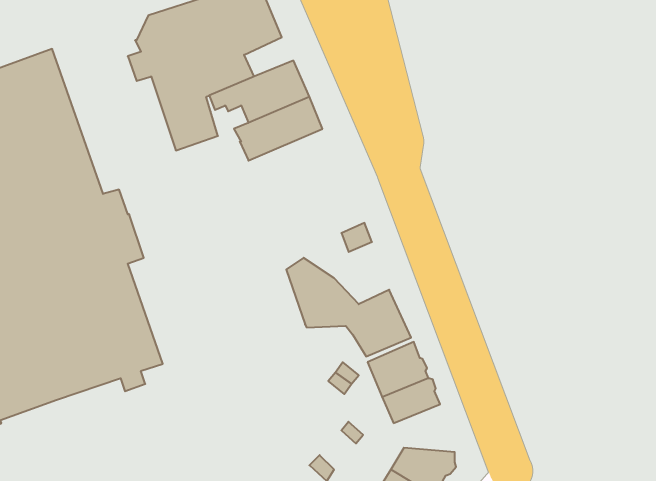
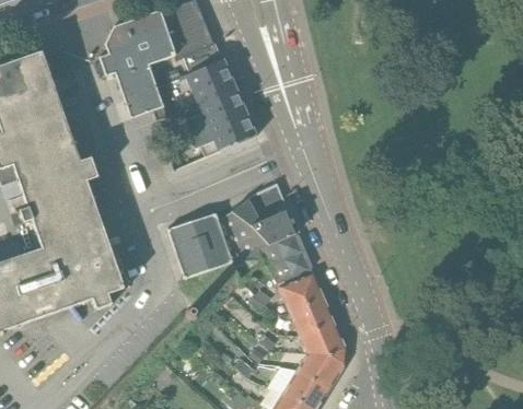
building: none -> [185,43,222,72]
building: none -> [188,112,254,156]
building: none -> [230,198,297,244]
building: none -> [166,211,232,278]
building: none -> [298,319,346,355]

